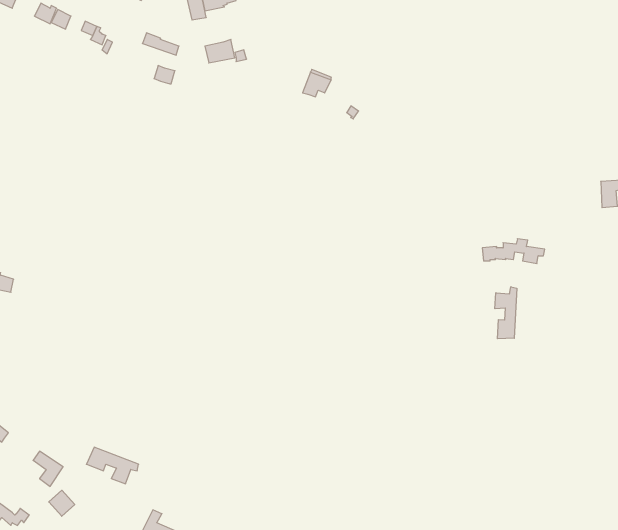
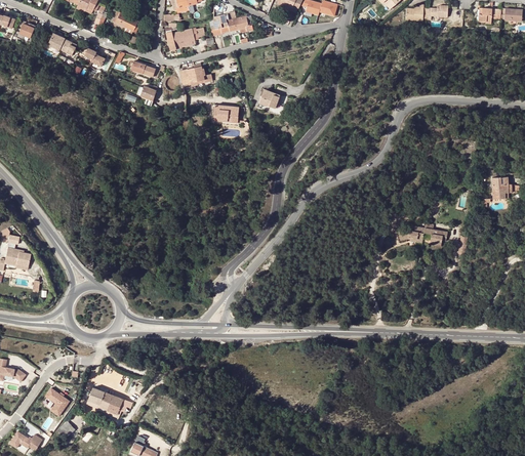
building: none -> [213,105,238,123]
building: [495,287,517,339] -> none

